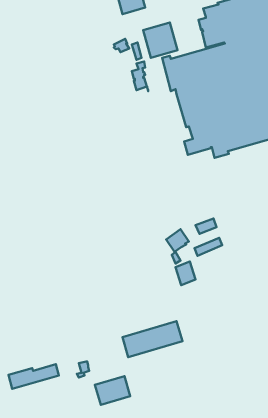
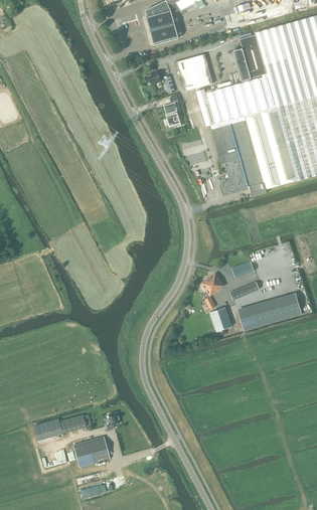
building: [122,321,182,357] -> [239,293,302,331]
building: [95,376,130,405] -> [72,436,110,466]

